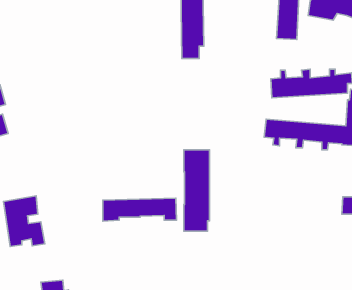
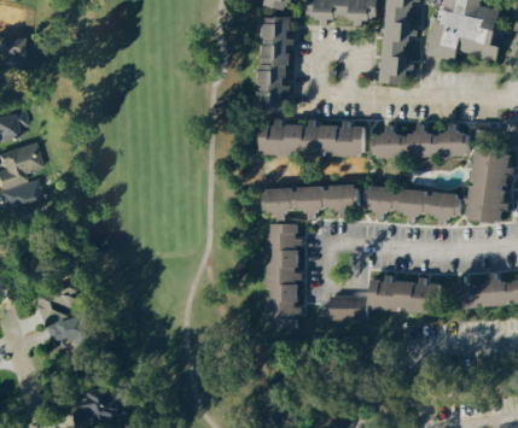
building: none -> [261,122,365,156]
building: none -> [327,279,435,322]
building: [103,198,177,221] -> [264,186,357,215]

